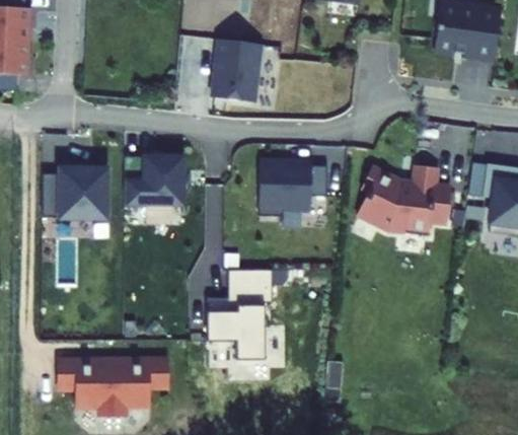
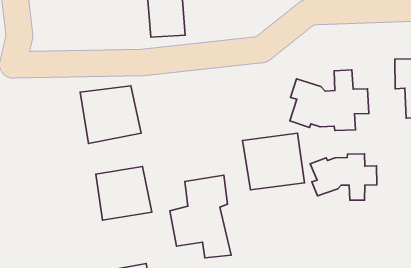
building: [258,156,322,216] -> [243,133,305,190]
building: [53,164,110,218] -> [96,167,152,220]
building: none -> [310,154,377,200]

